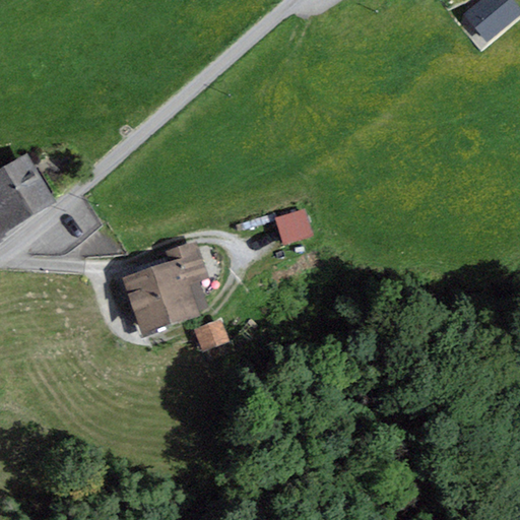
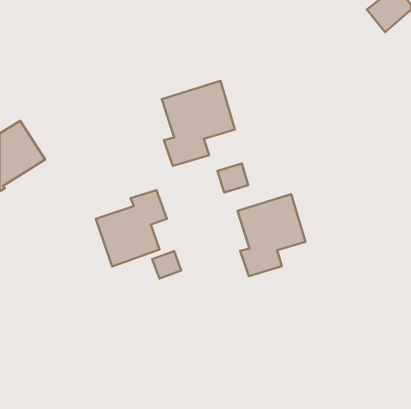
building: none -> [162,81,235,166]
building: none -> [238,194,305,276]

